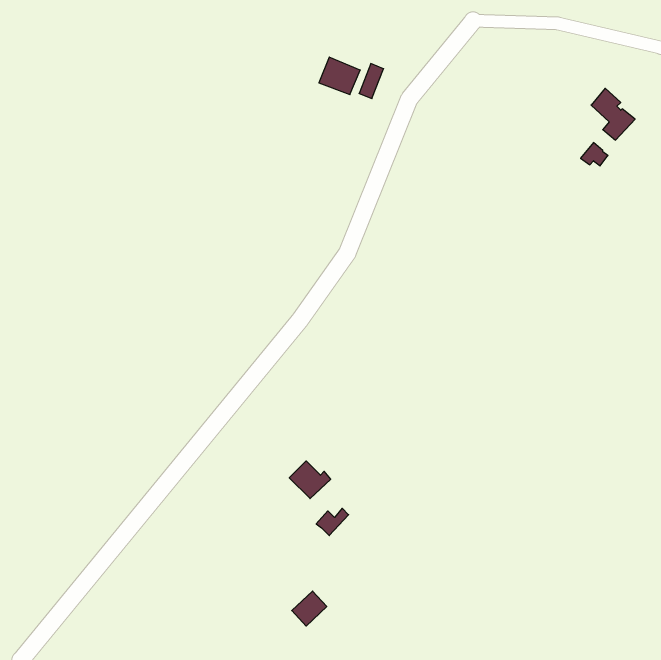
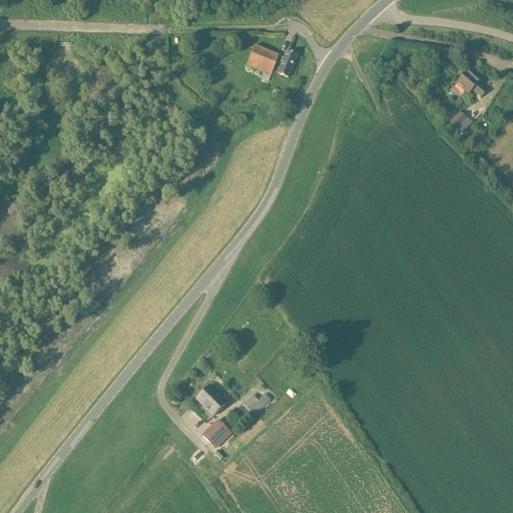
building: [289,461,331,499] -> [196,385,228,414]
building: [292,591,327,626] -> [201,419,228,446]

